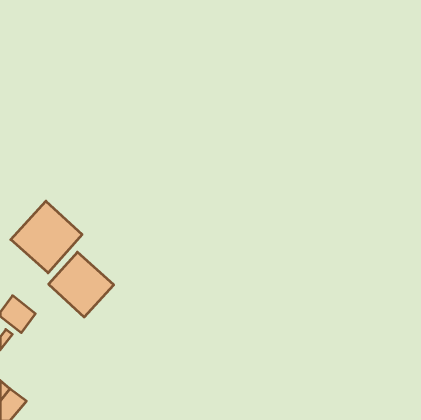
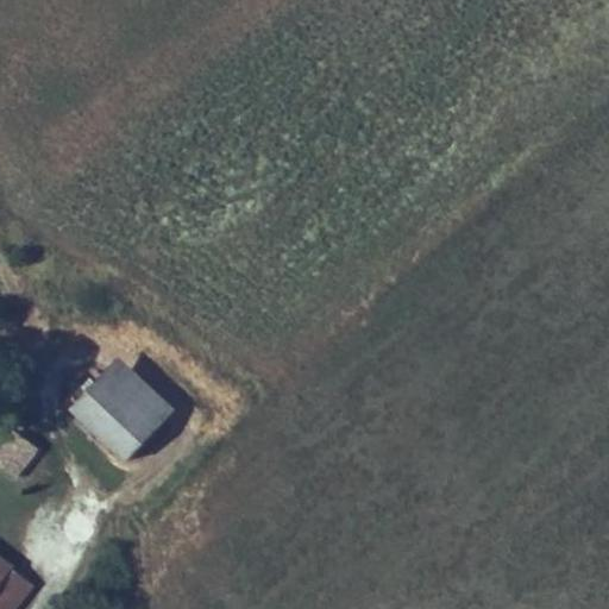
building: [11,201,82,273] -> none

